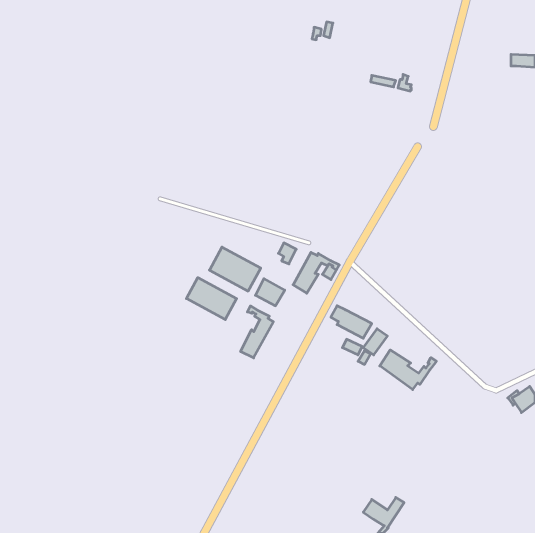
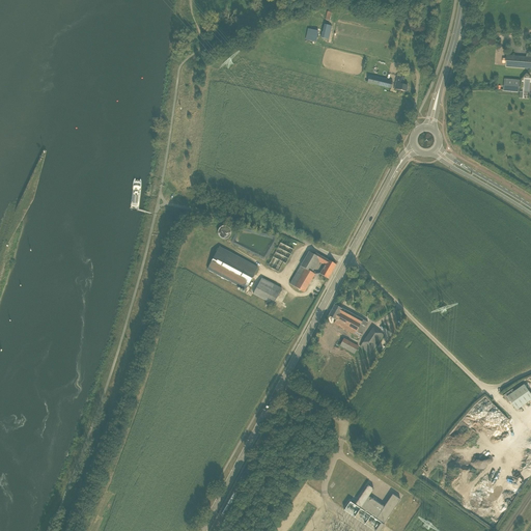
building: [186,278,237,320] -> none
building: [241,306,273,358] -> none
building: [380,350,436,390] -> none

